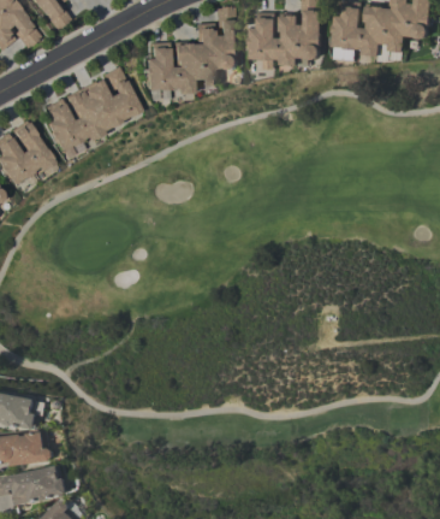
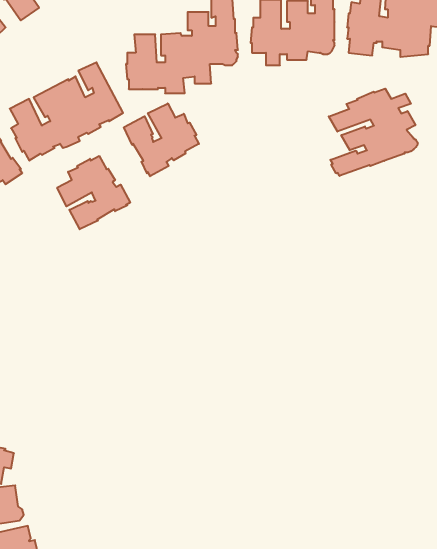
building: none -> [329,89,418,176]
building: none -> [124,103,199,176]
building: none -> [57,156,130,229]

